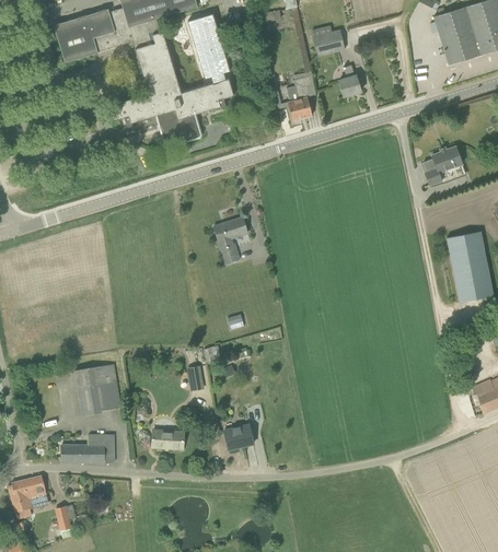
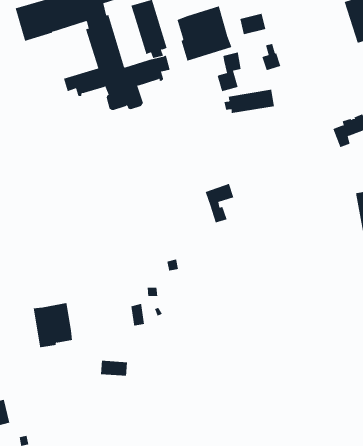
building: none -> [177,6,232,61]
building: none -> [224,89,275,114]
building: [213,216,247,262] -> [205,183,234,223]
building: [224,415,254,448] -> none
building: [61,435,114,461] -> none

